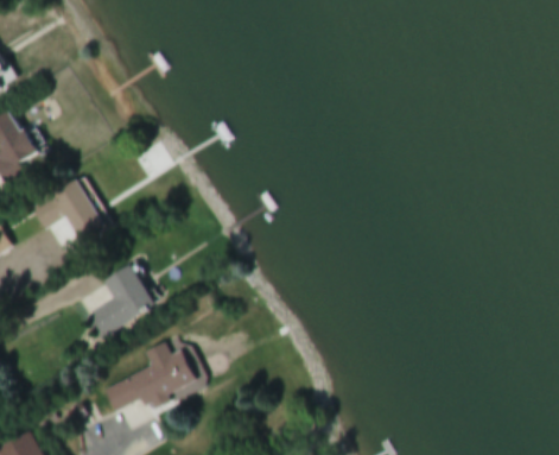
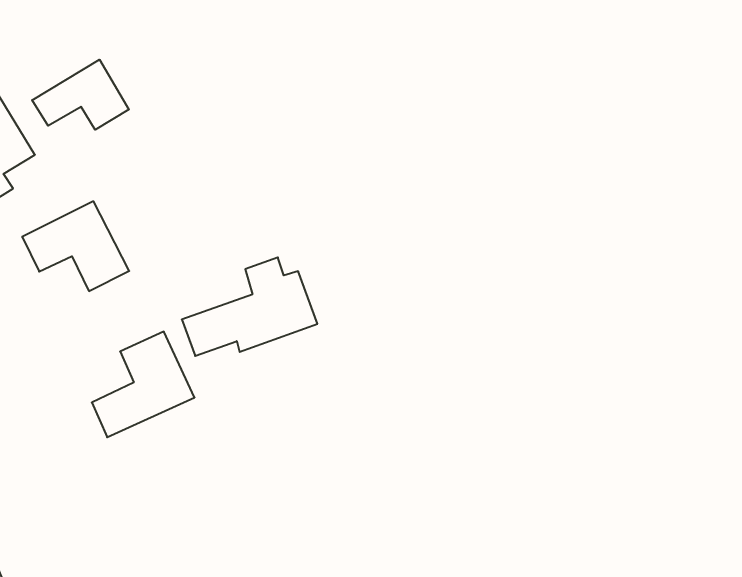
building: none -> [32,60,129,130]
building: [106,340,197,410] -> [182,257,317,356]

